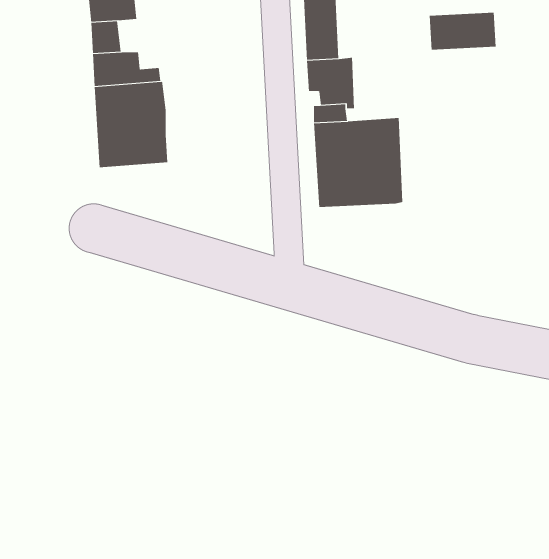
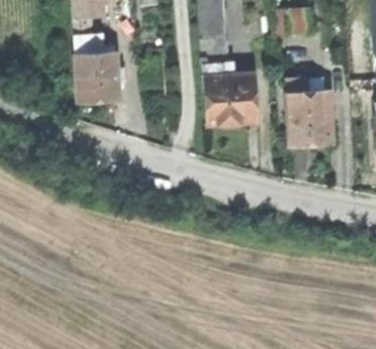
building: none -> [287,80,334,146]

